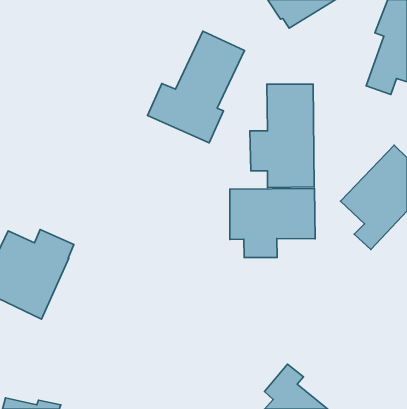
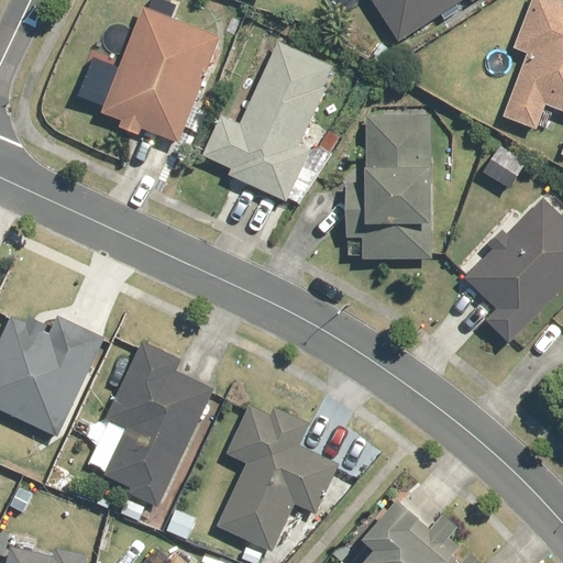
building: none -> [103,8,218,140]
building: [230,188,315,258] -> none
building: none -> [82,341,211,504]
building: none -> [216,406,338,549]

